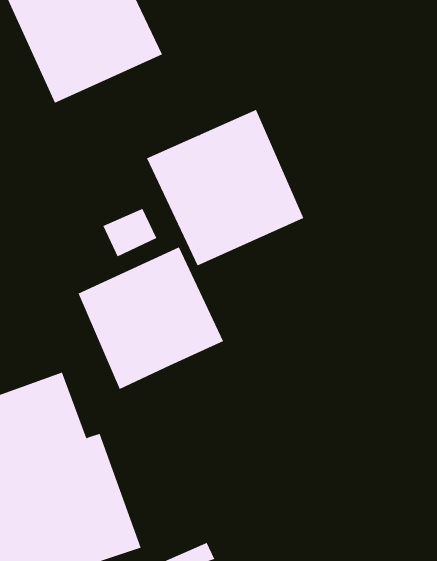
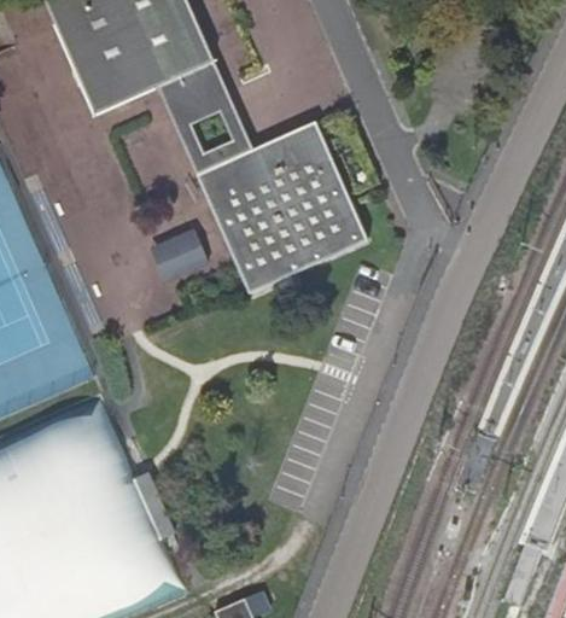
building: none -> [154,63,252,175]
building: [78,246,224,390] -> none

